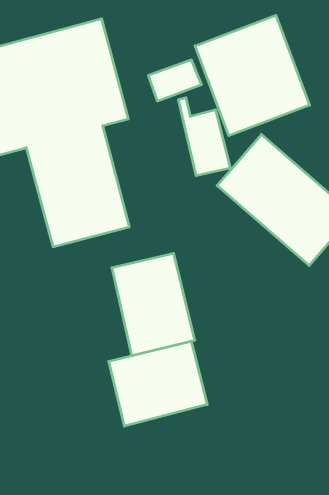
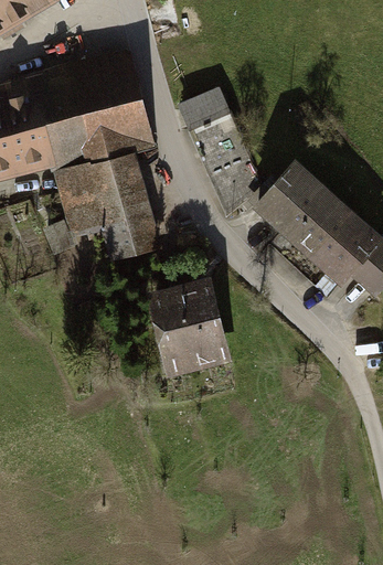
building: [195,15,310,136] -> none
building: [109,341,207,426] -> none

